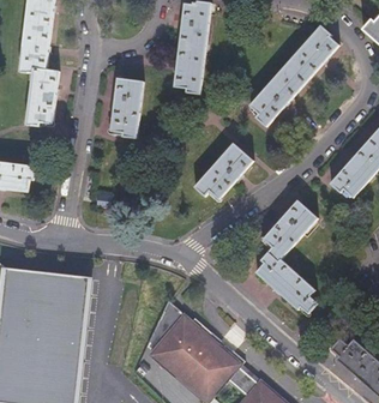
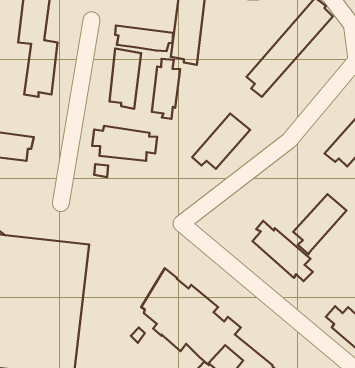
building: none -> [115,25,173,51]
building: none -> [152,59,180,119]
building: none -> [92,126,157,161]
building: [263,200,317,261] -> [293,194,346,254]

